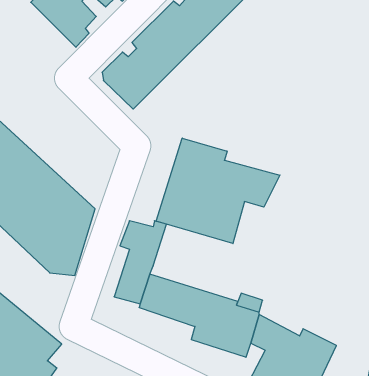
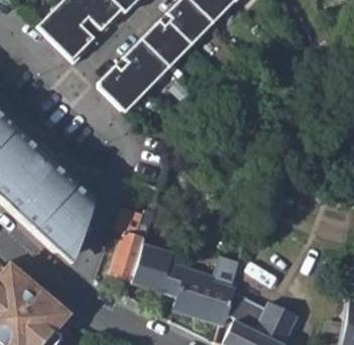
building: [156,138,280,244] -> none

